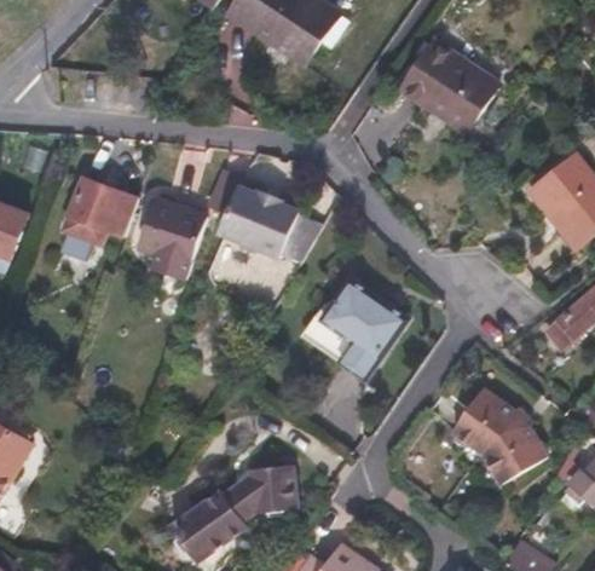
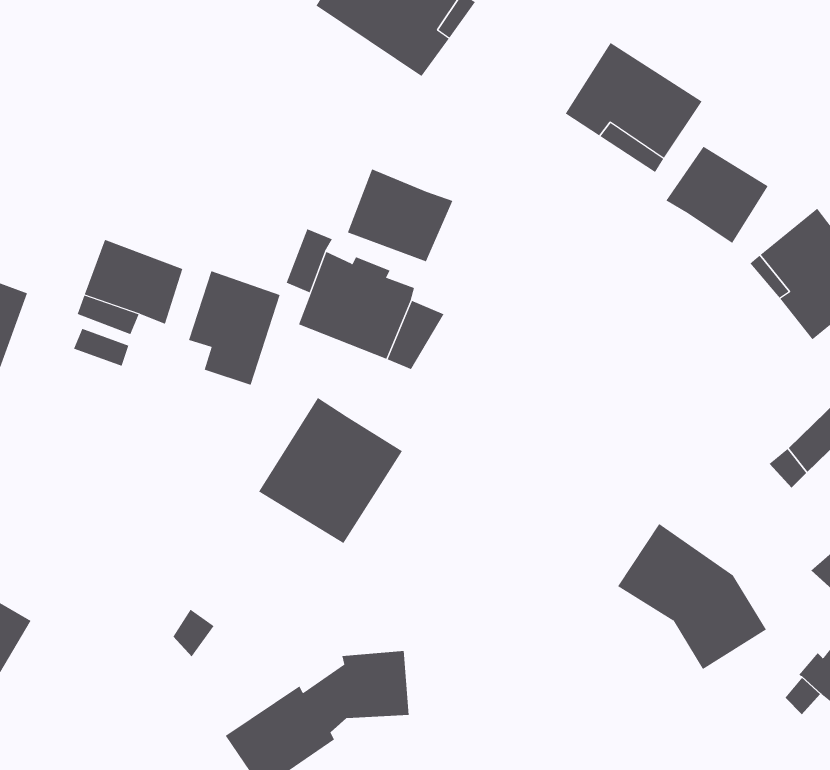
building: none -> [665,146,769,244]
building: none -> [347,169,453,262]
building: [305,282,405,383] -> [258,397,403,544]

